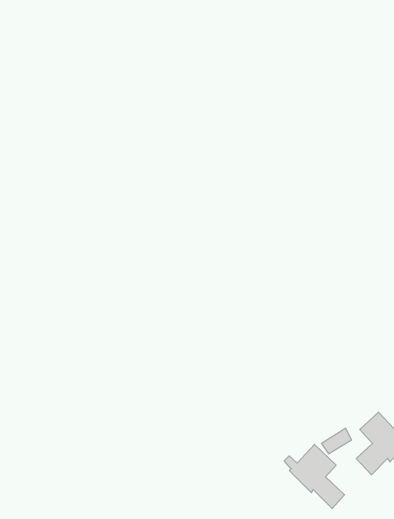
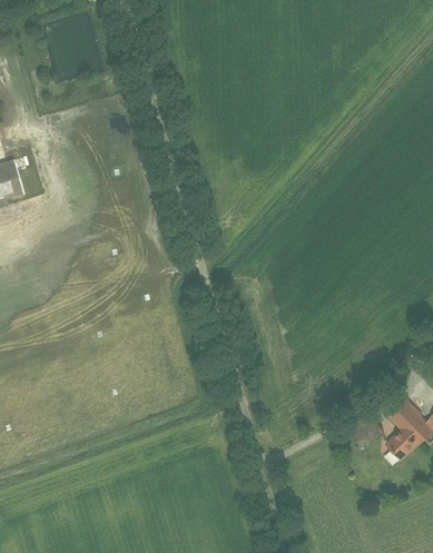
building: [284,444,345,509] -> none

